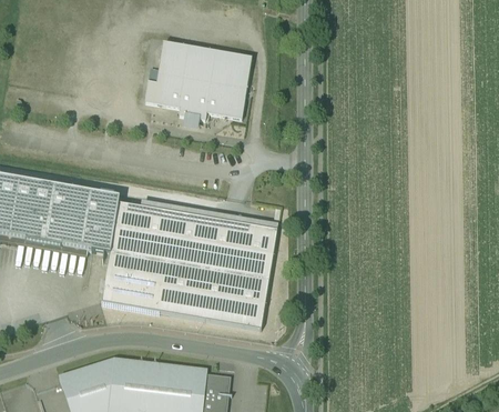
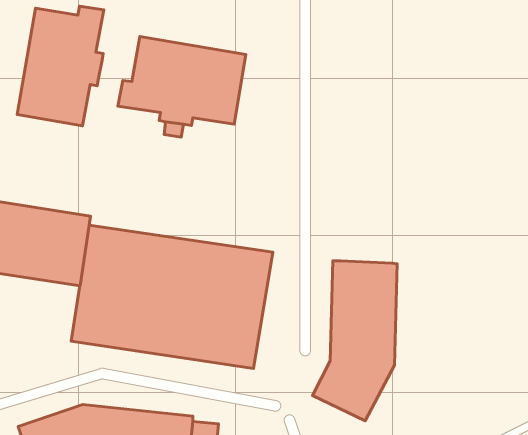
building: none -> [17,6,104,126]
building: none -> [313,261,397,421]

